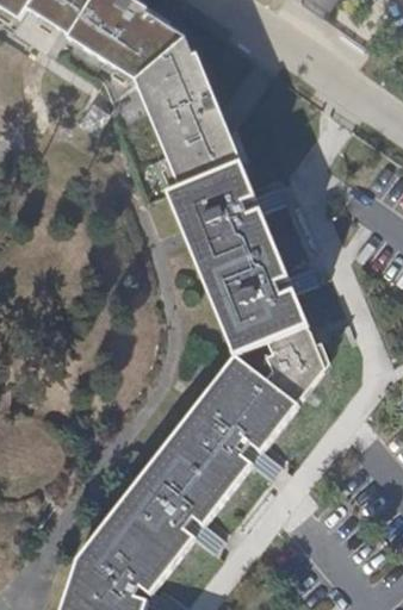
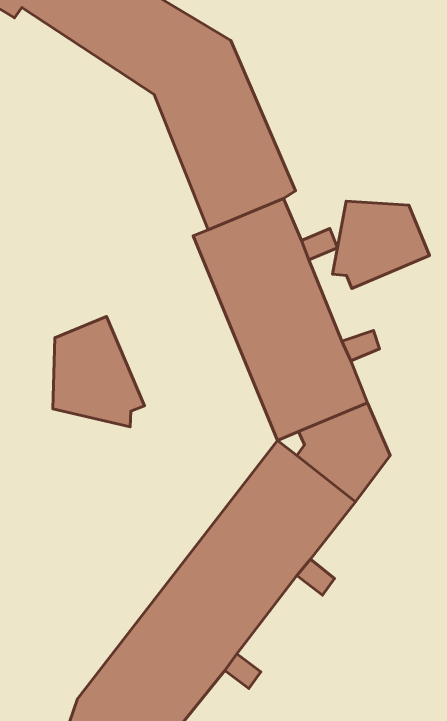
building: none -> [333,201,430,288]
building: none -> [53,317,144,427]

